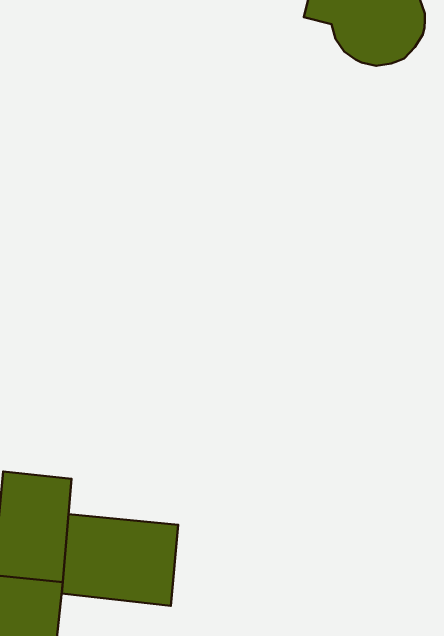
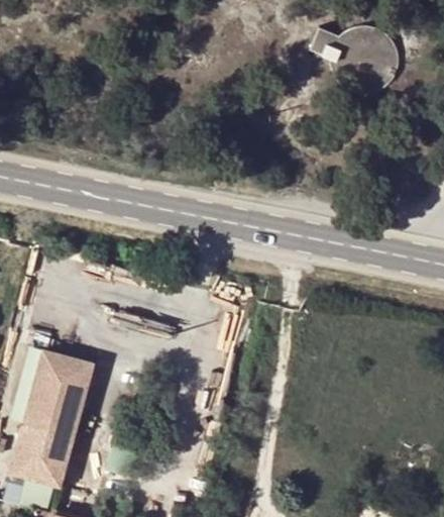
building: [62,514,178,606] -> none

